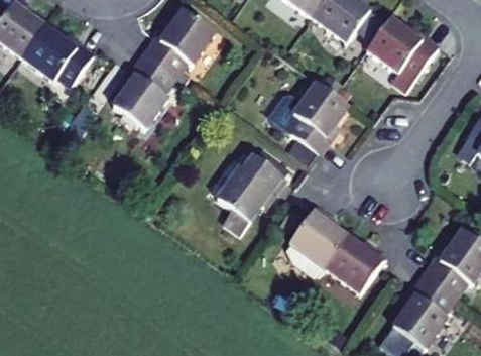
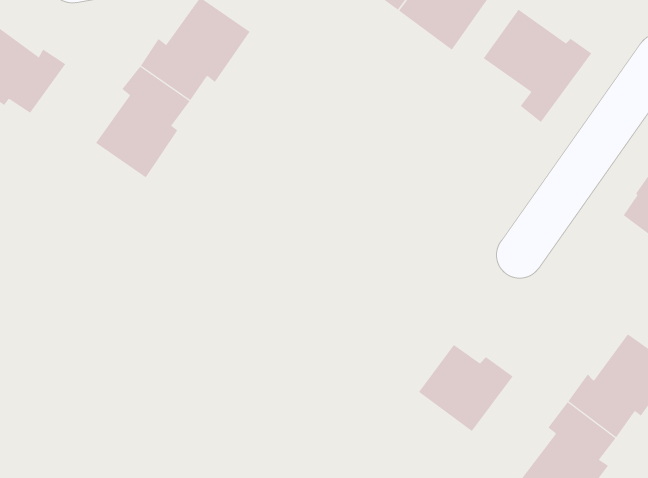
building: [270,82,349,153] -> none
building: [218,154,287,220] -> none
building: [289,207,348,267] -> none

